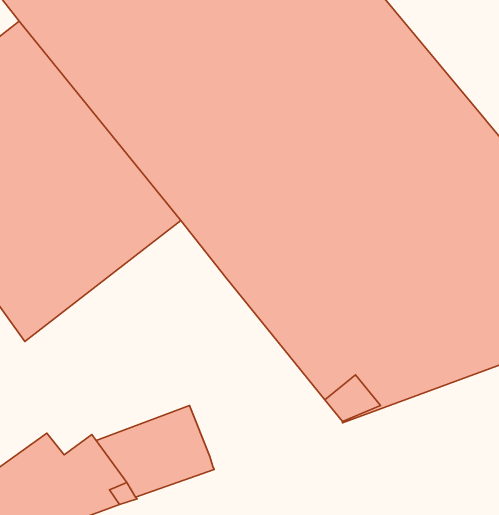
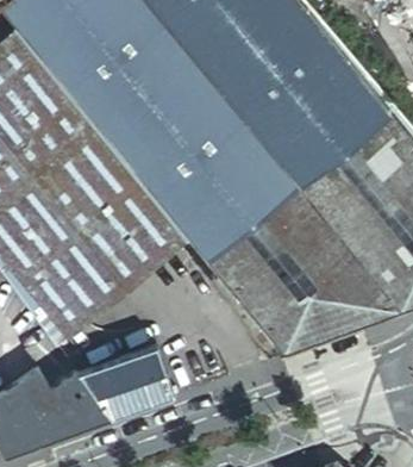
building: none -> [21,195,186,344]

